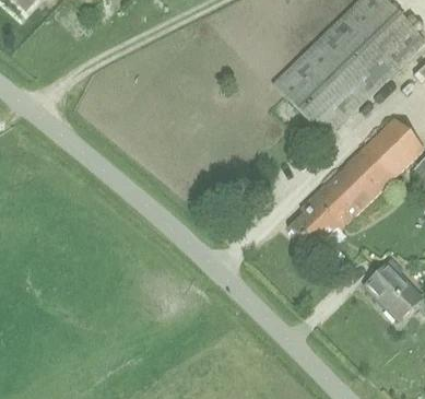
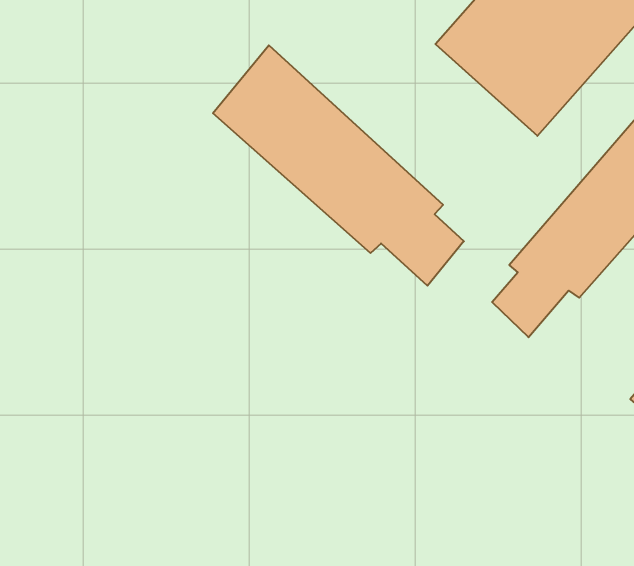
building: none -> [213,45,464,286]

